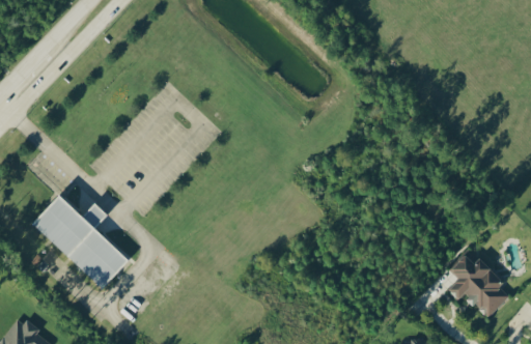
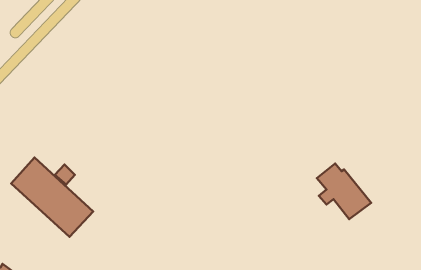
building: [448,251,512,317] -> [317,163,371,219]

